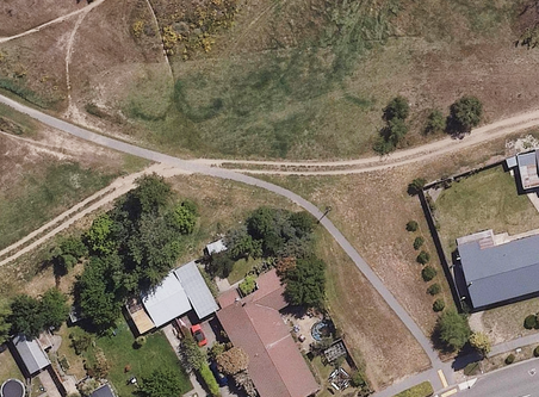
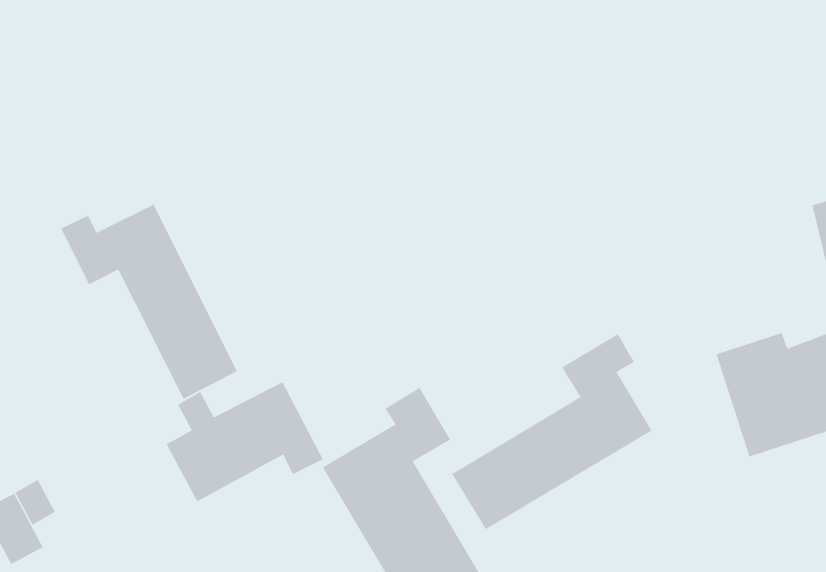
building: none -> [60,203,238,400]
building: none -> [451,333,652,530]

